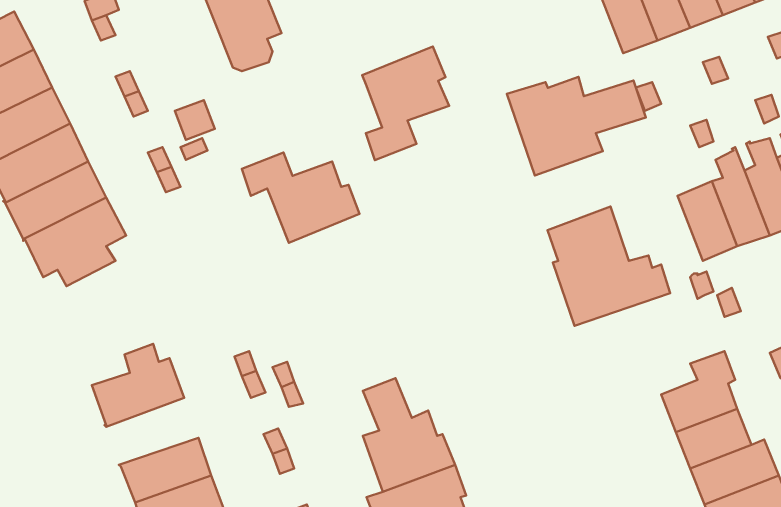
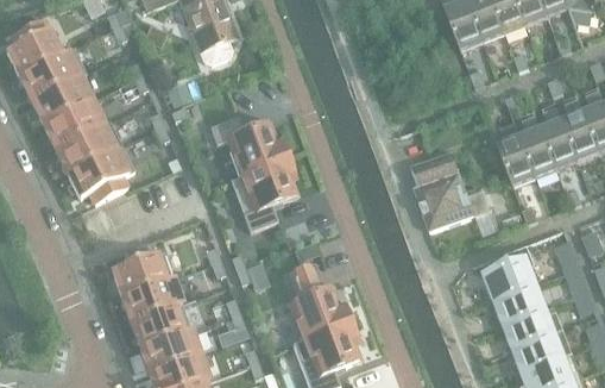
building: [362,46,449,160] -> [241,156,298,231]
building: [507,77,646,176] -> none
building: none -> [121,277,182,321]

